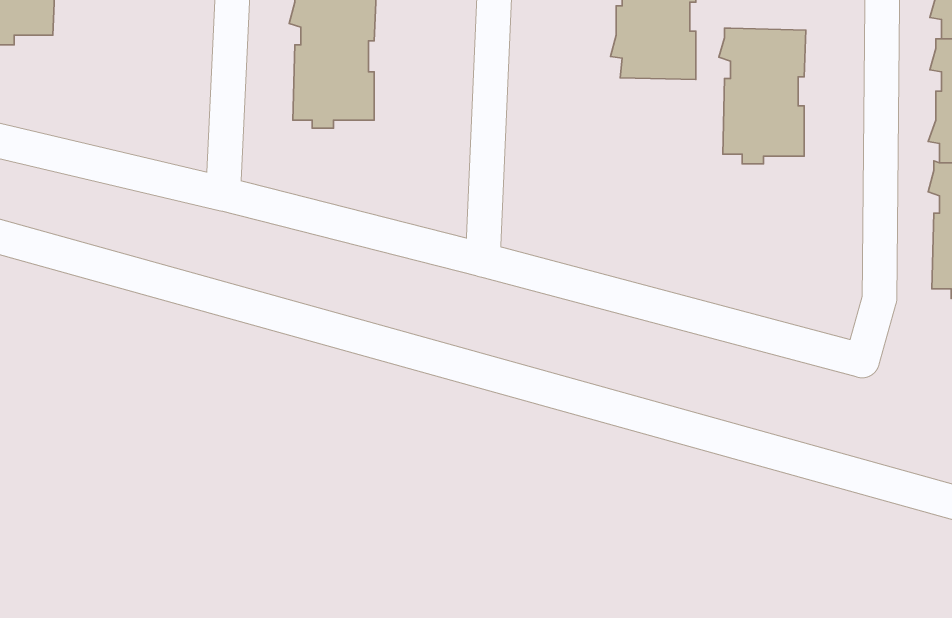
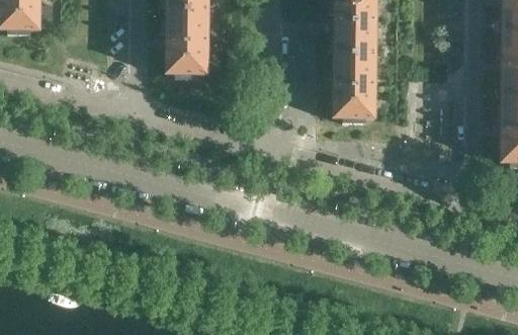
building: [719,28,806,164] -> [331,49,376,119]

